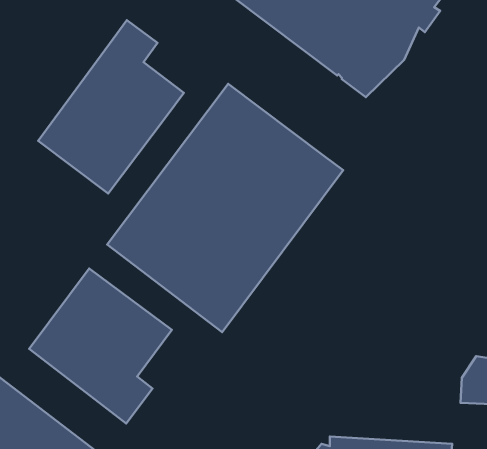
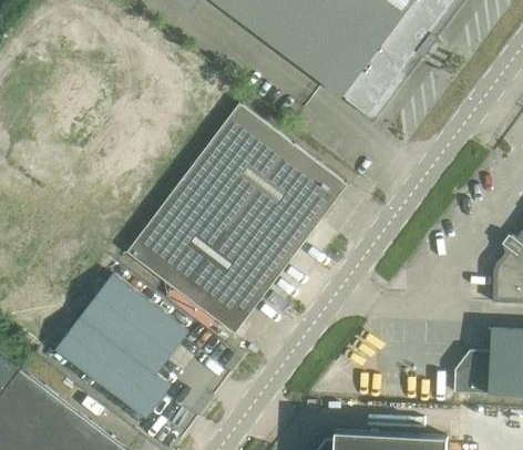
building: [38,20,184,193] -> none

